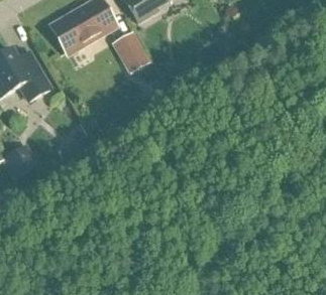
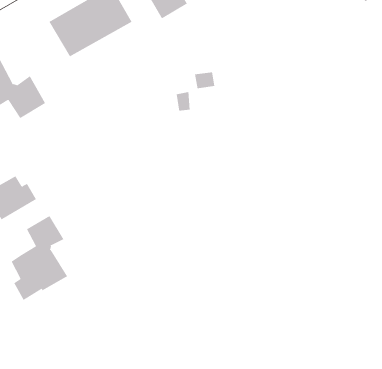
building: [120,30,149,72] -> none
building: none -> [11,215,68,301]

